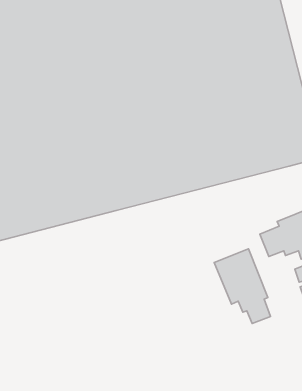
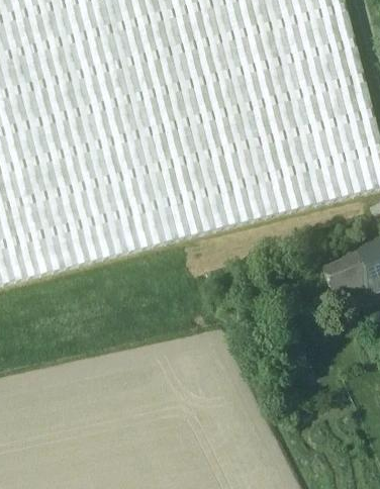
building: [214,249,271,324] -> none

